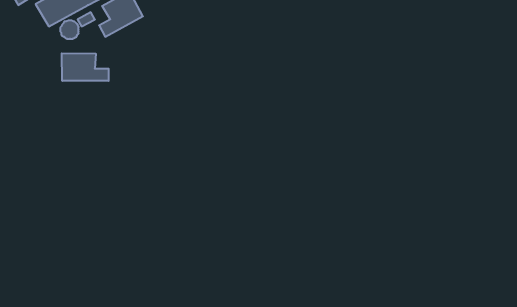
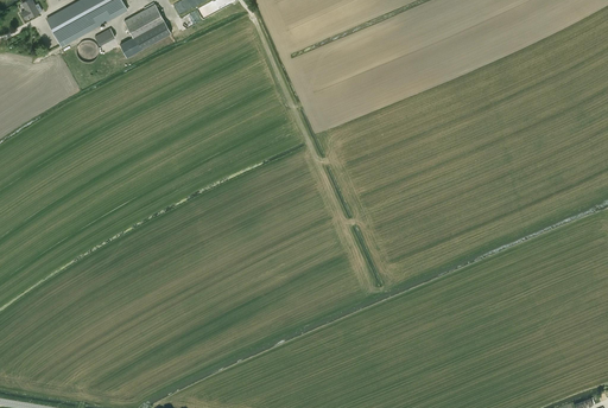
building: [62,53,109,81] -> none

